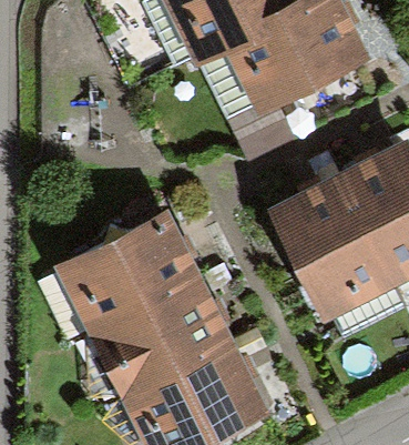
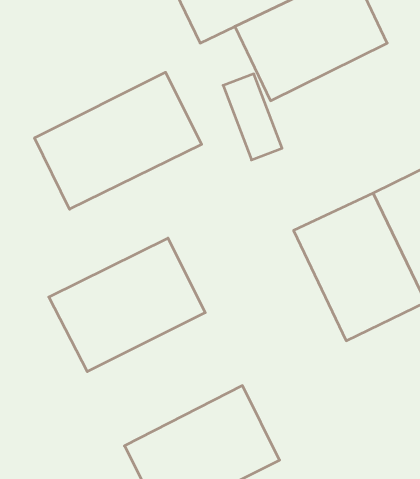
building: none -> [35,72,202,209]
building: [98,283,232,398] -> none

